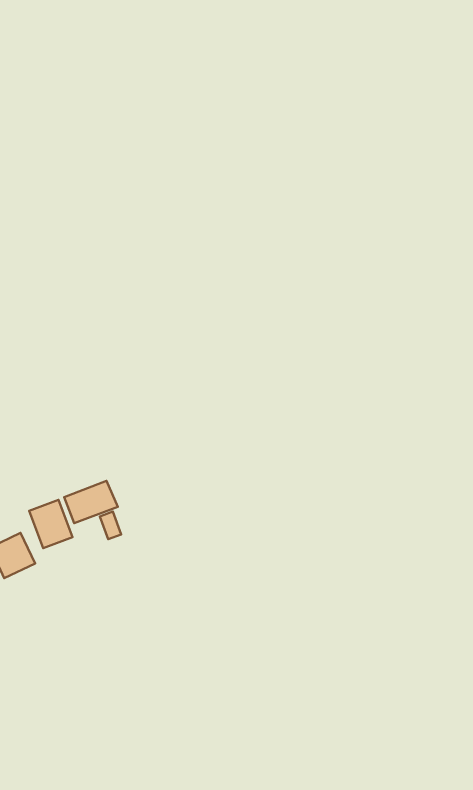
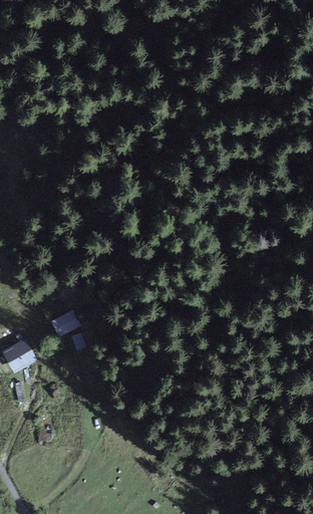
building: [29,500,73,548] -> none

